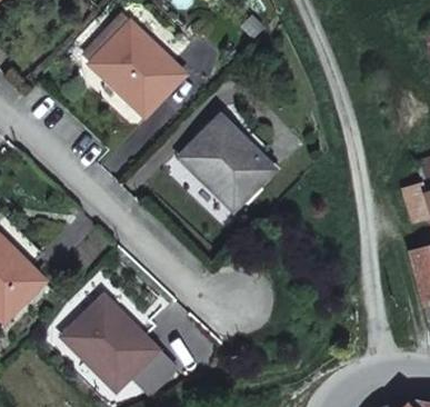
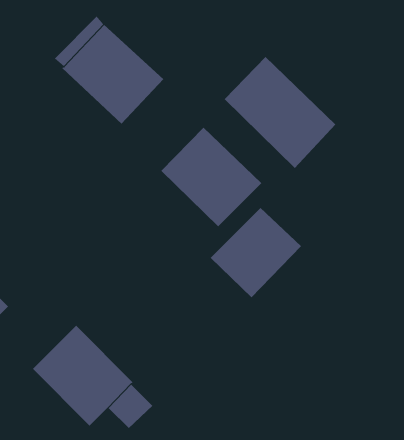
building: none -> [224,56,336,169]
building: none -> [210,207,302,298]

